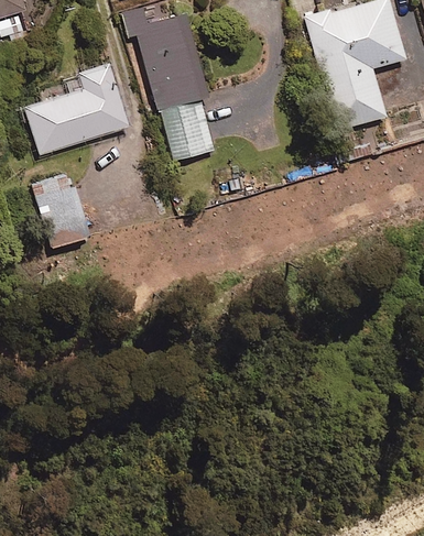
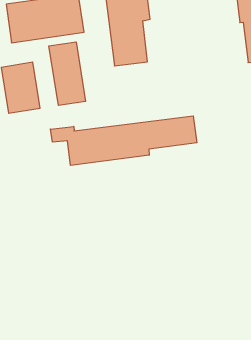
building: none -> [49,42,86,105]
building: none -> [50,116,197,165]

